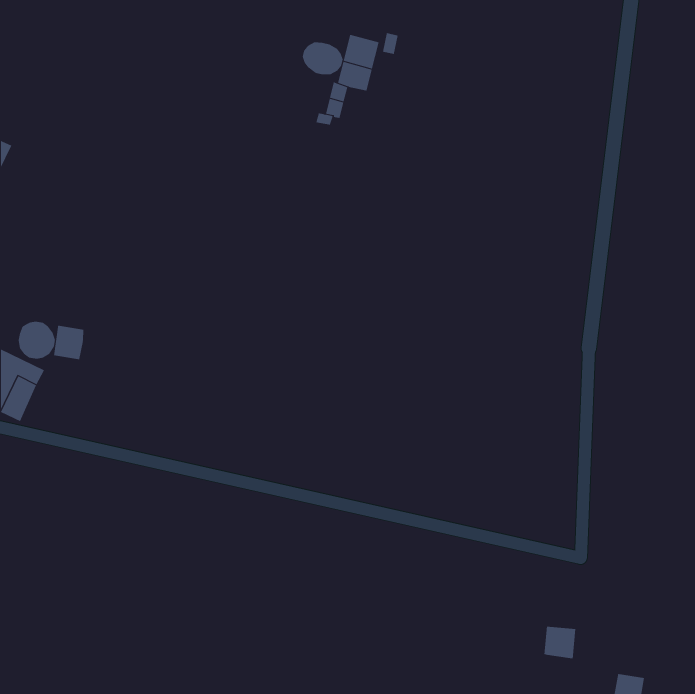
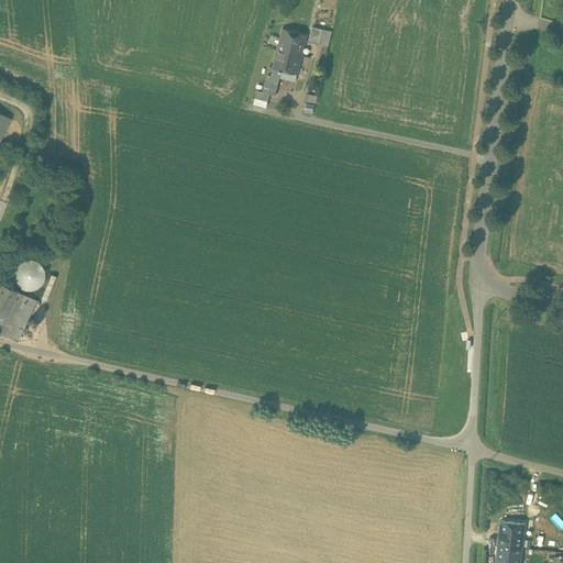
building: [302,42,343,75] -> none
building: [54,325,84,360] -> none
building: [544,626,576,659] -> [498,522,525,549]

